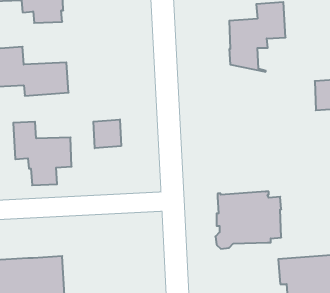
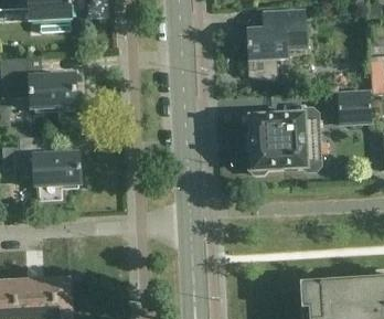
building: [93,119,121,148] -> none
building: [215,192,281,249] -> [247,111,317,172]

